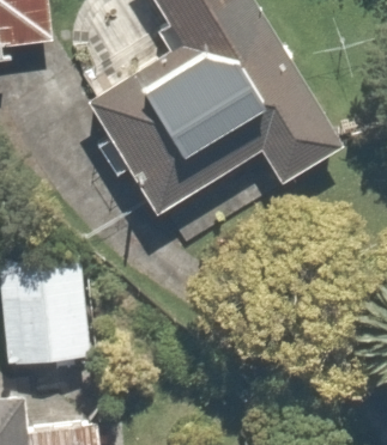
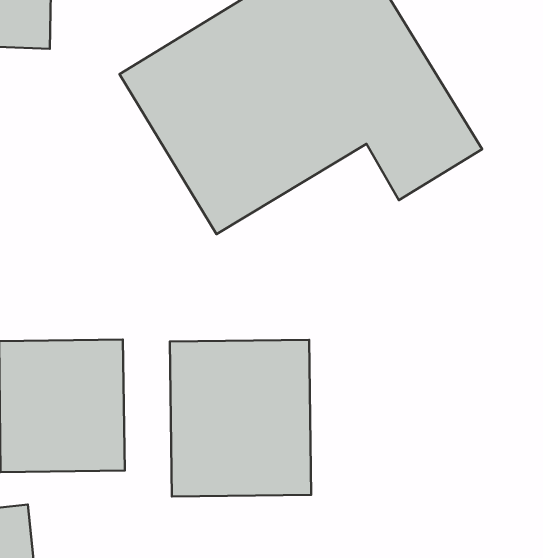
building: none -> [170,340,311,496]

